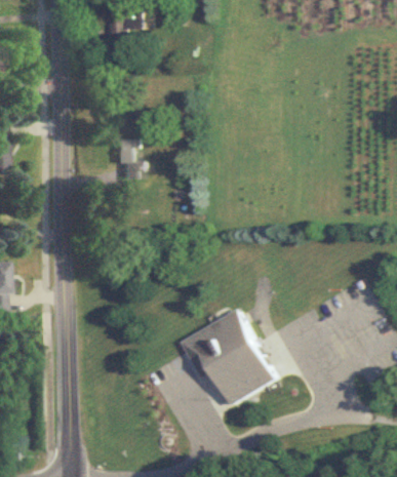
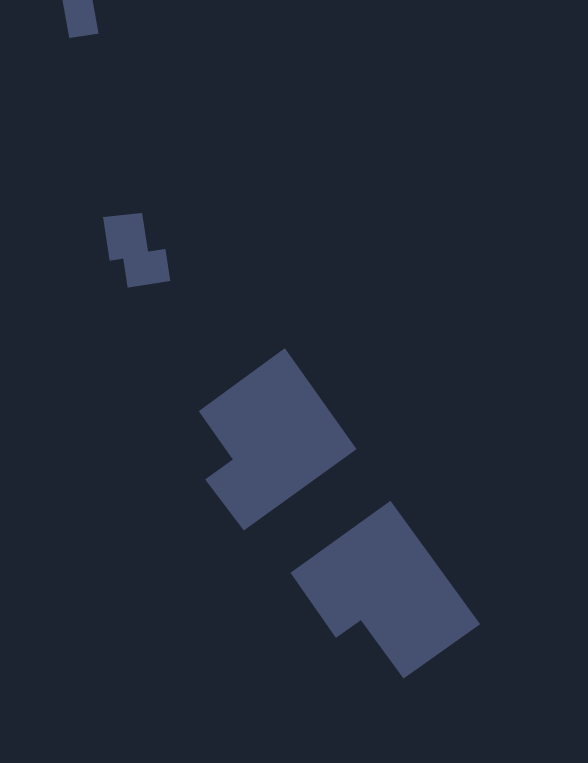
building: none -> [198,347,358,531]

